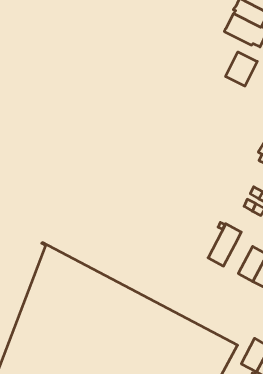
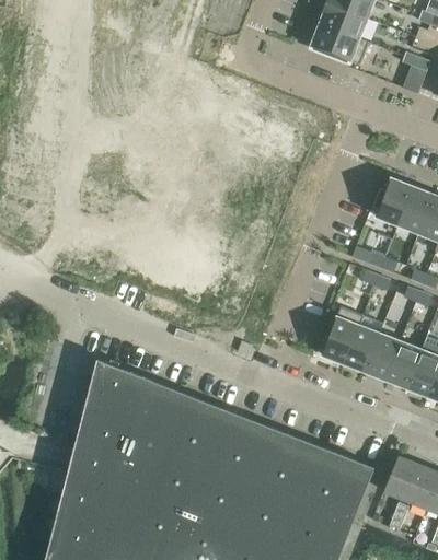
building: [226,52,257,86] -> none
building: none -> [344,325,380,371]

